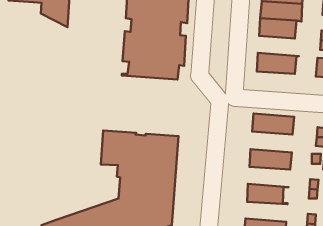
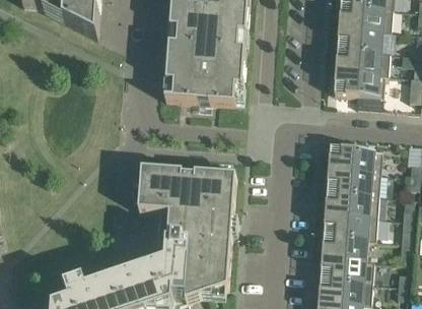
building: none -> [335,50,388,75]
building: none -> [326,170,378,196]
building: none -> [323,214,375,240]
building: none -> [320,258,372,284]

